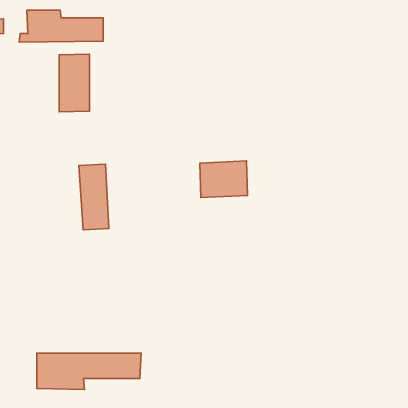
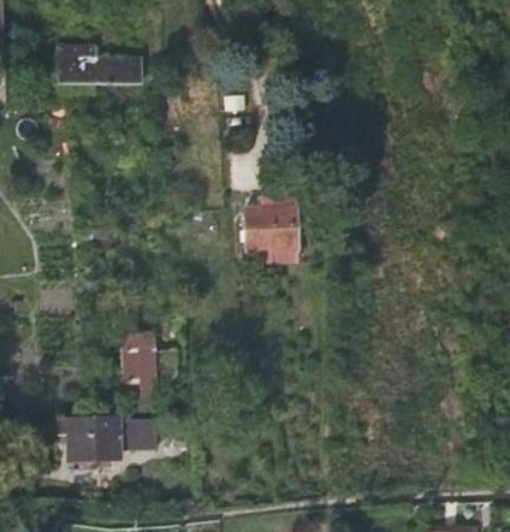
building: [59,54,90,112] -> none
building: [79,164,109,230] -> [119,336,152,407]

